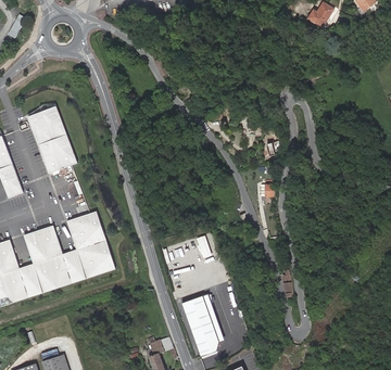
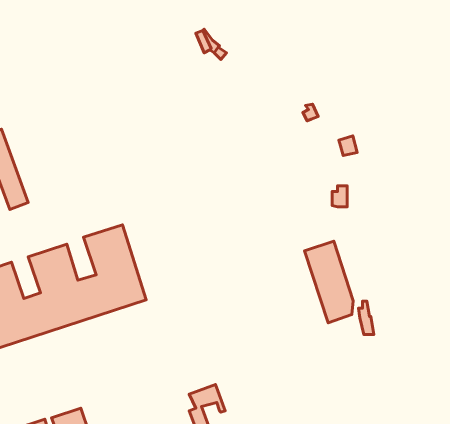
building: [28,106,77,174] -> none
building: [177,293,215,357] -> [305,241,353,323]

